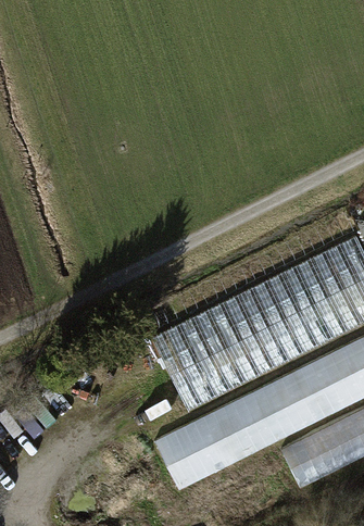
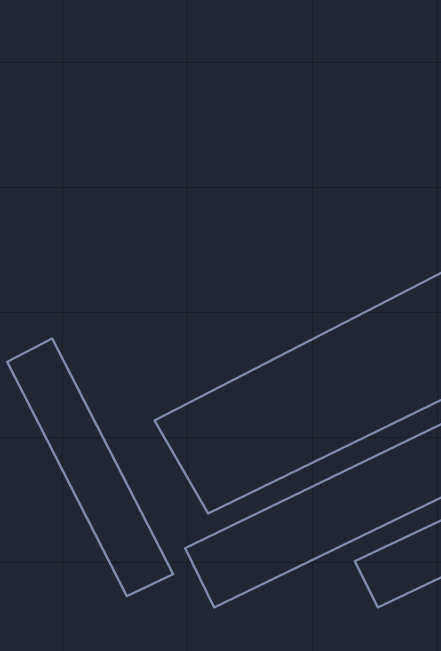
building: none -> [7,339,173,596]

